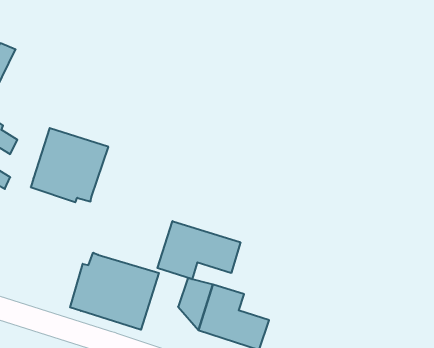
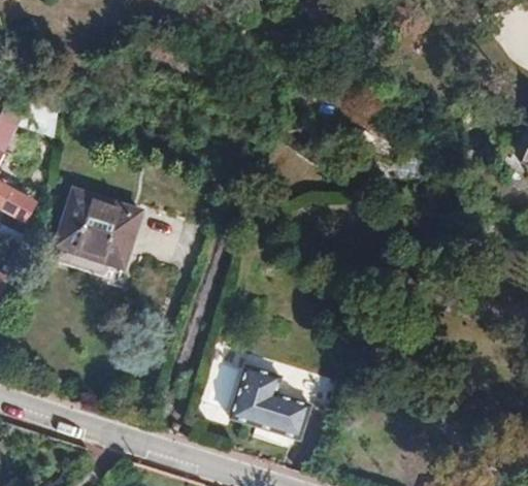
building: [157,221,240,279] -> none
building: [70,253,159,330] -> none

